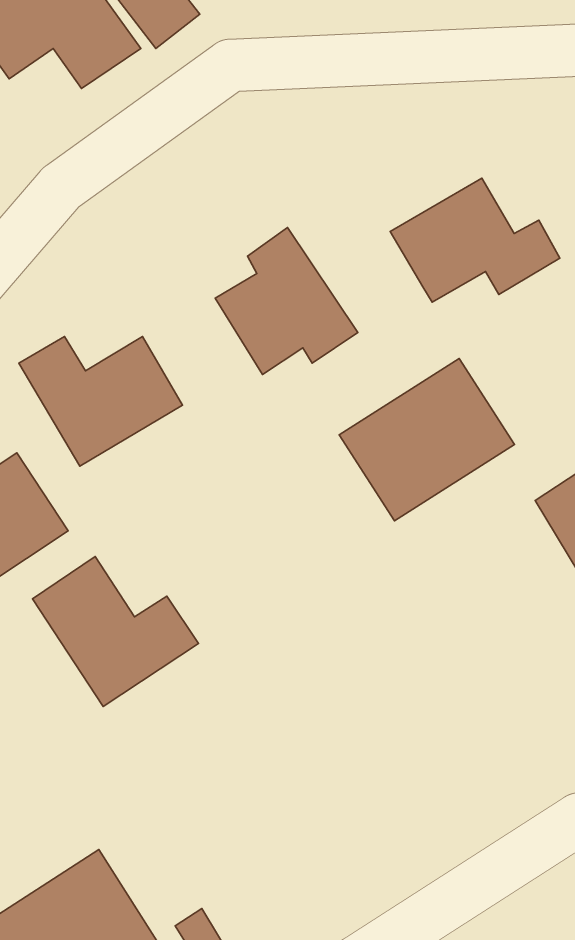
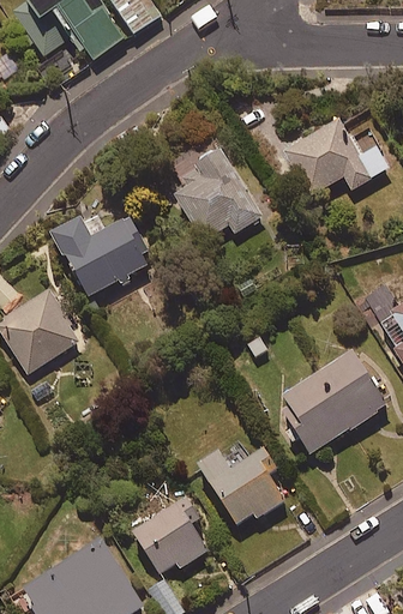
building: [339,359,514,521] -> [276,350,386,452]
building: [32,556,199,706] -> none
building: none -> [196,447,284,529]
building: none -> [131,496,207,574]

